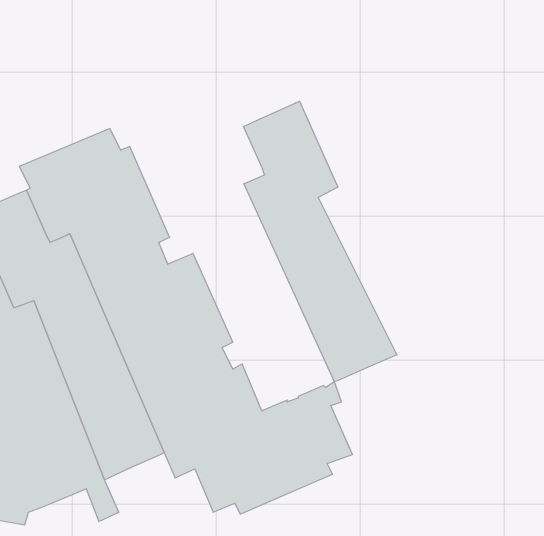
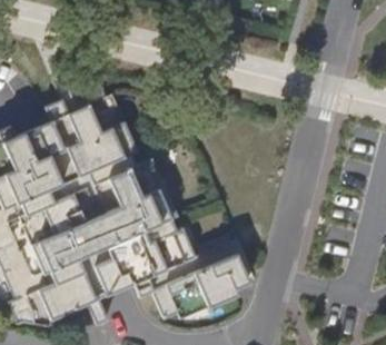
building: [244,101,397,382] -> none

